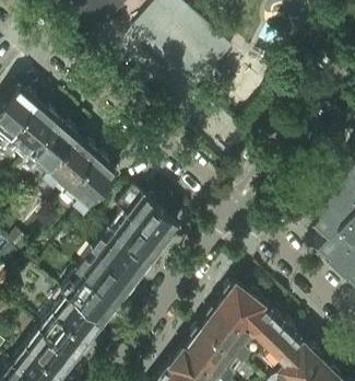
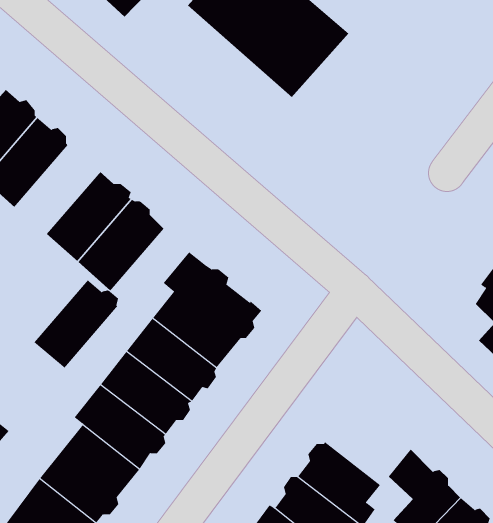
building: [26,123,80,178] -> [34,279,119,368]
building: [221,285,274,336] -> none

